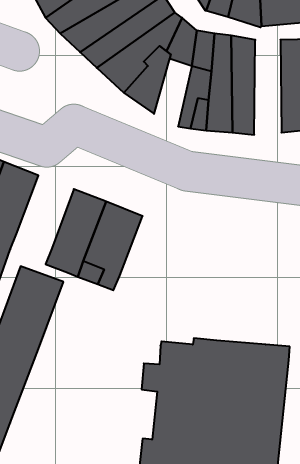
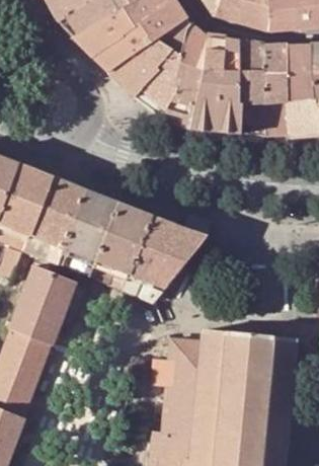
building: none -> [261,44,288,136]
building: none -> [164,62,201,128]
building: none -> [24,175,86,261]
building: none -> [125,215,207,299]

